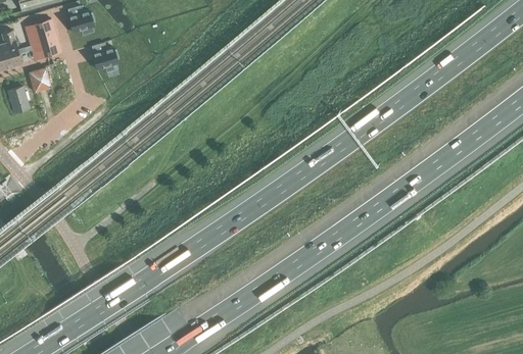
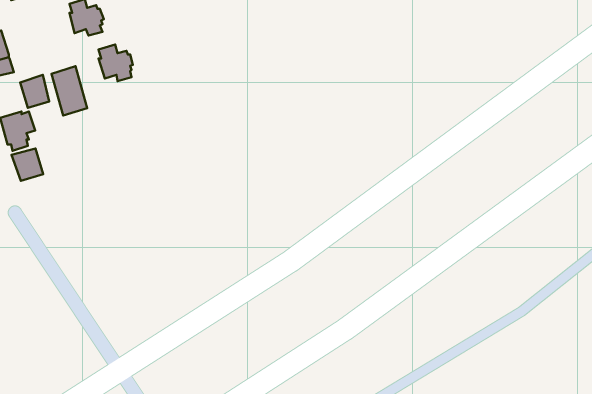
building: [30,17,58,57] -> [52,66,87,116]
building: none -> [12,149,43,181]

